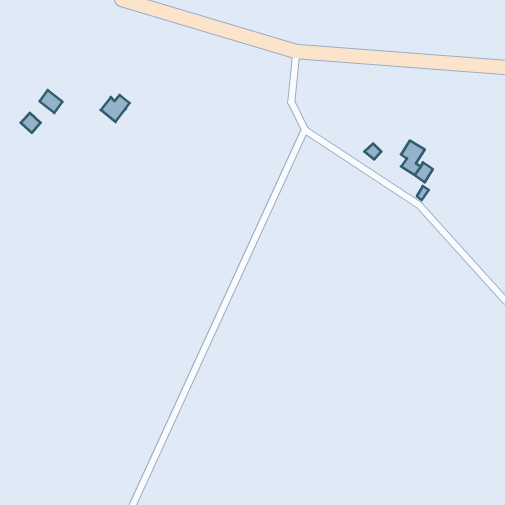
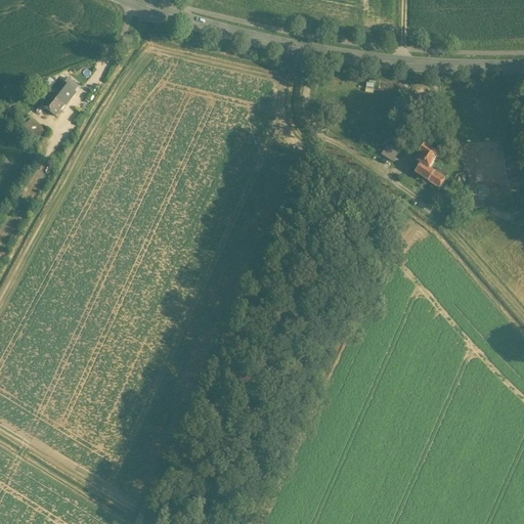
building: [101,95,130,122] -> [50,78,80,105]

